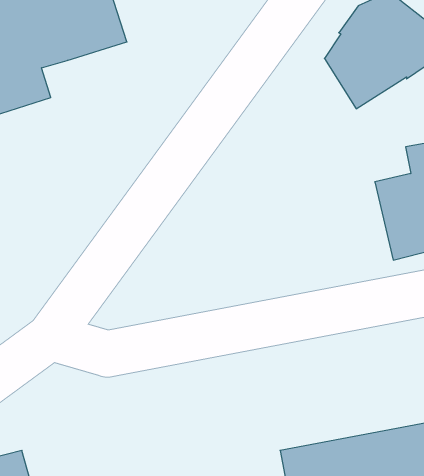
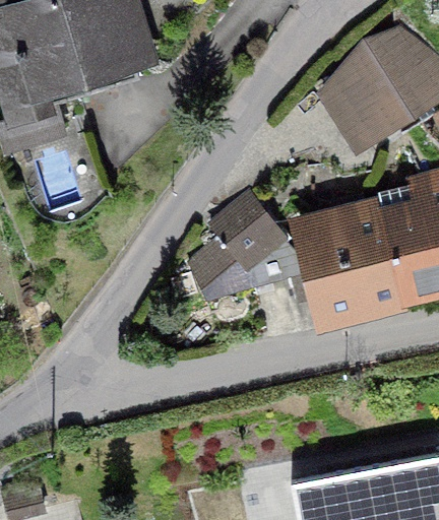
building: none -> [190,194,279,298]
building: none -> [293,217,401,313]

